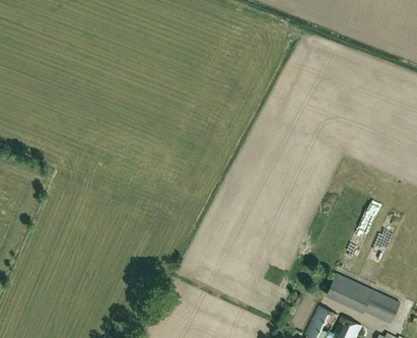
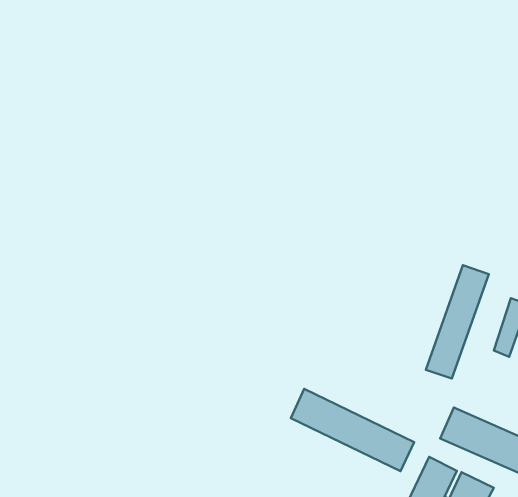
building: none -> [426,265,489,379]
building: none -> [291,389,414,471]

